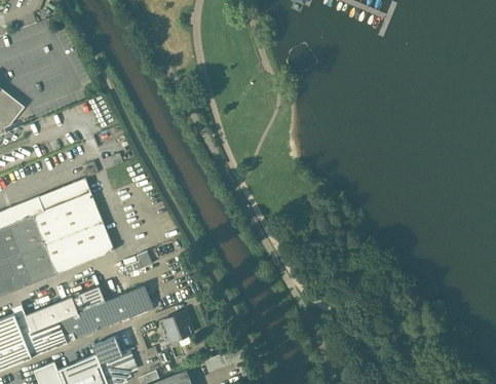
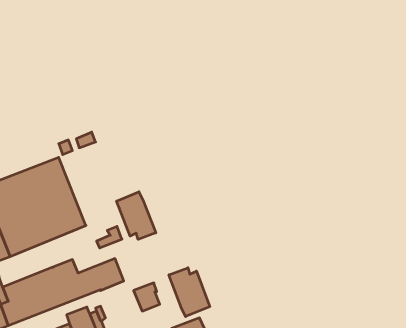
building: none -> [117,192,156,239]
building: none -> [169,268,210,317]

